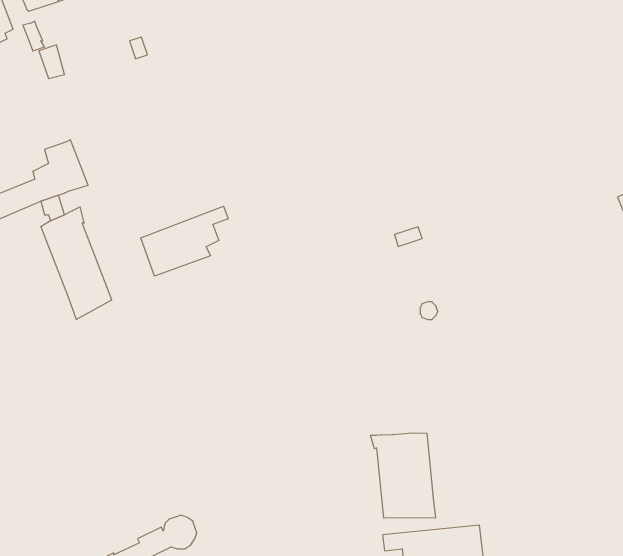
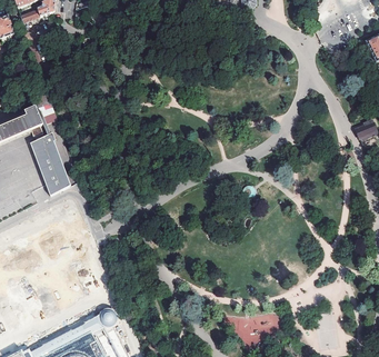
building: [141,206,228,276] -> none
building: [371,433,436,518] -> none

